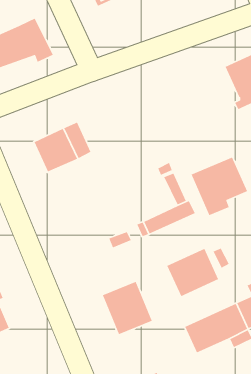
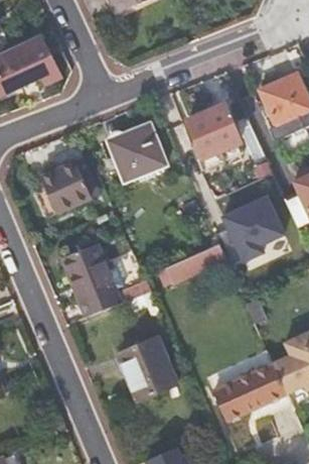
building: none -> [186,104,239,157]
building: none -> [106,121,166,183]
building: none -> [60,243,121,317]
building: [166,248,219,297] -> none

